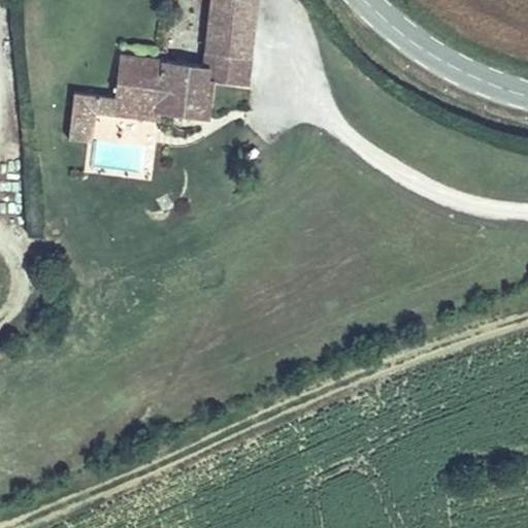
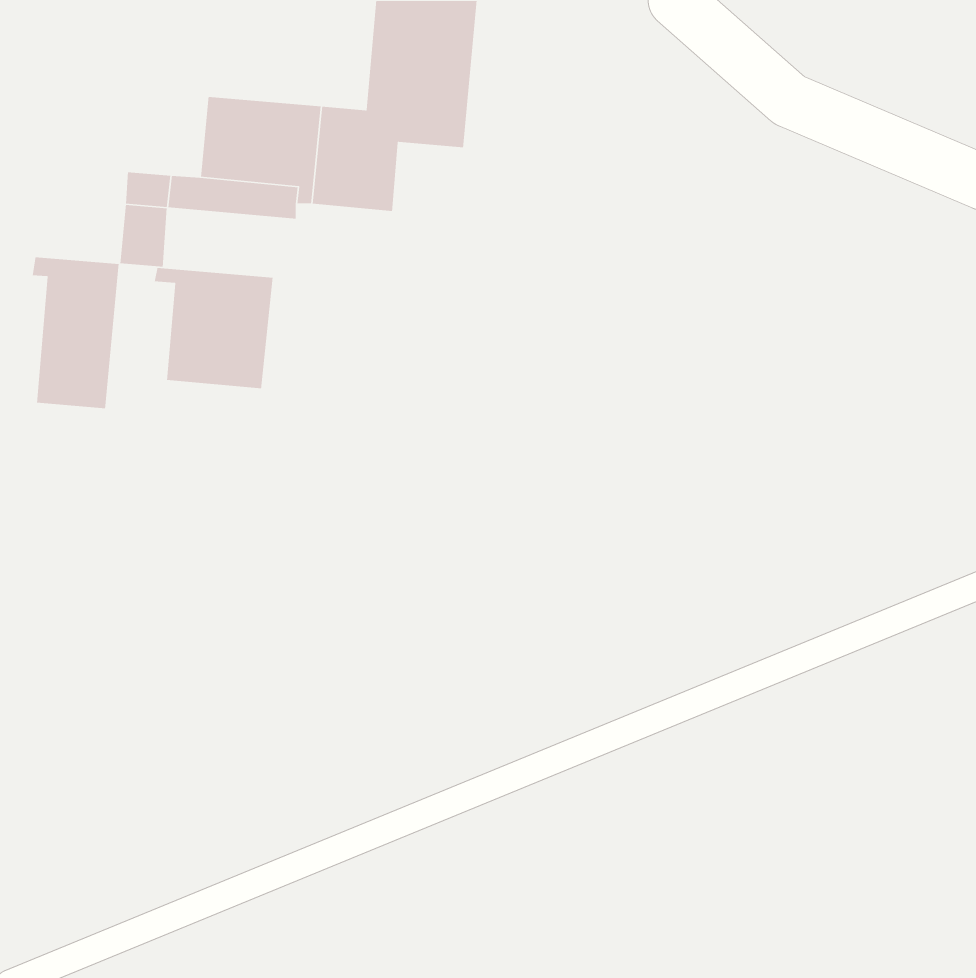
building: none -> [32,256,119,409]
building: none -> [154,267,273,389]

